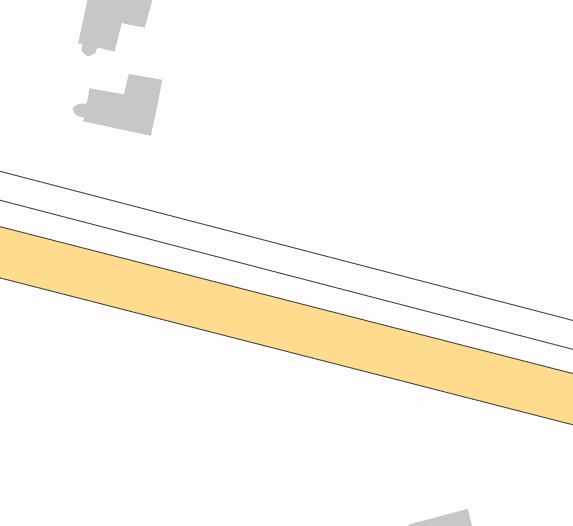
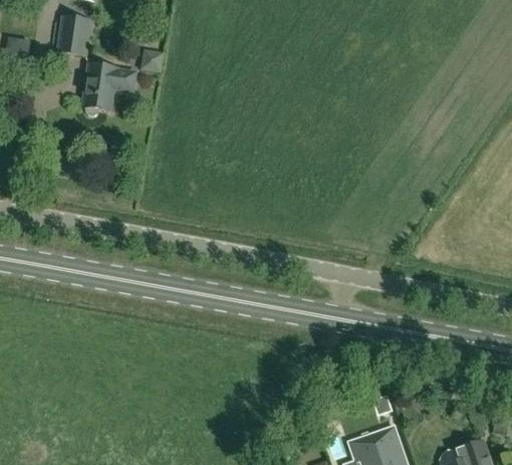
building: [72,73,163,137] -> none

